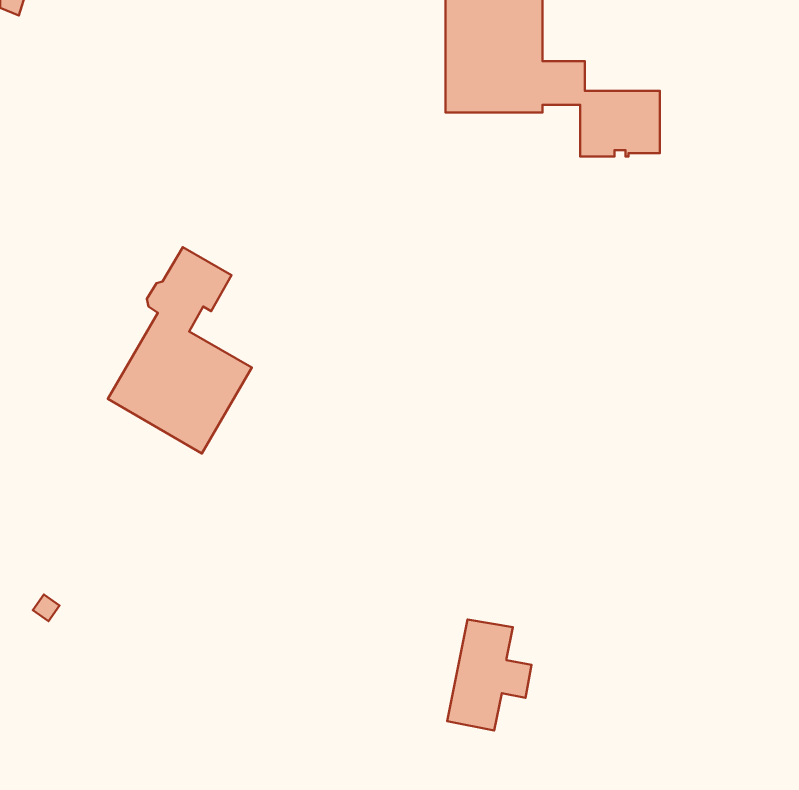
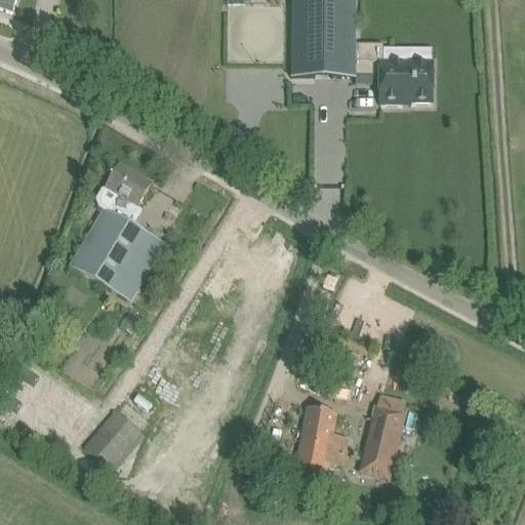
building: none -> [360,403,407,479]
building: none -> [84,408,145,470]

